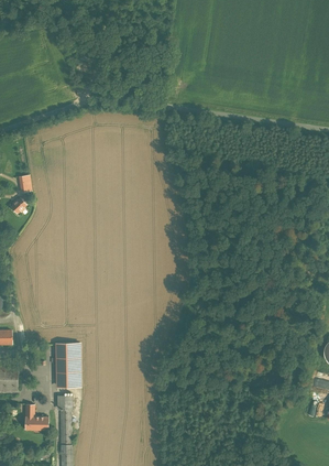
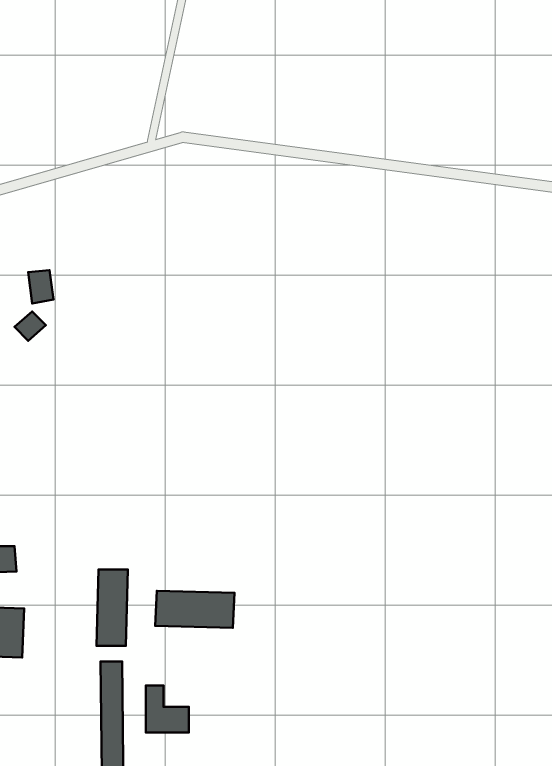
building: none -> [155,591,234,628]
building: [25,403,50,430] -> [146,685,189,732]

